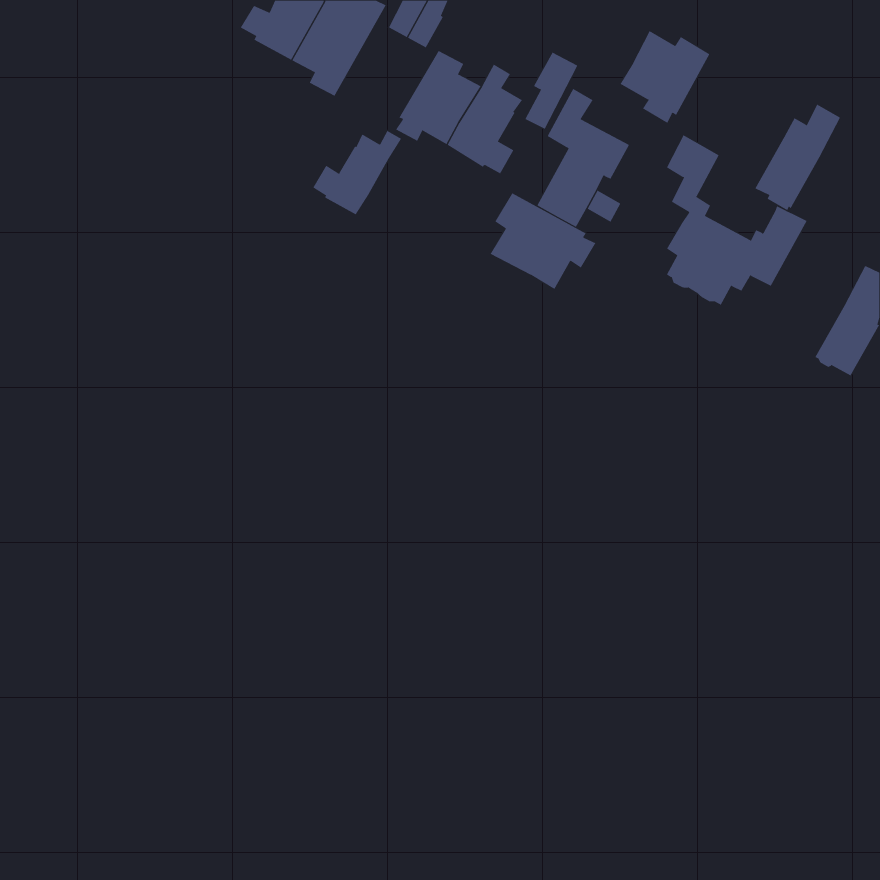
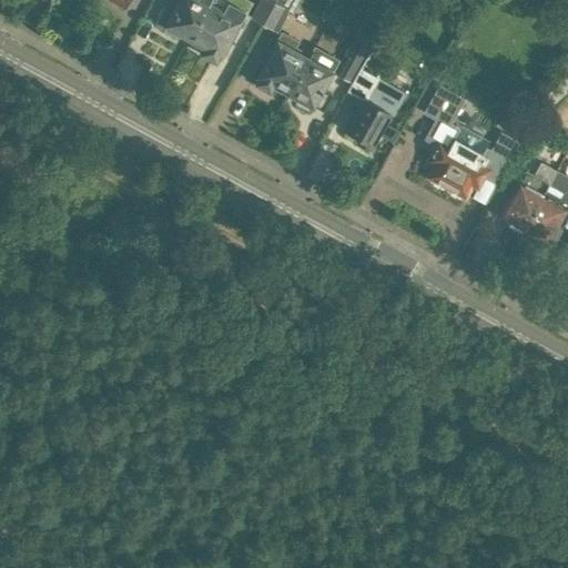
building: [620,30,710,124] -> none
building: [755,104,841,211] -> [500,163,556,232]
building: [312,130,402,215] -> none
building: [490,193,596,290] -> none

